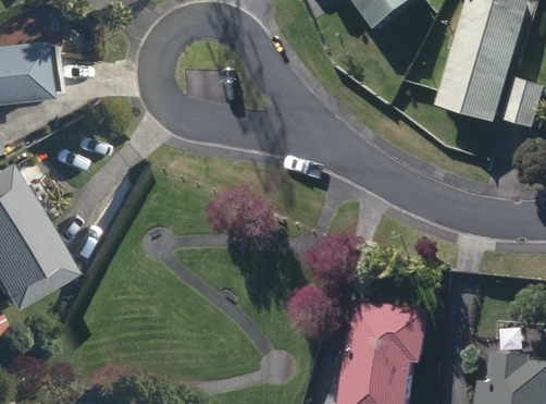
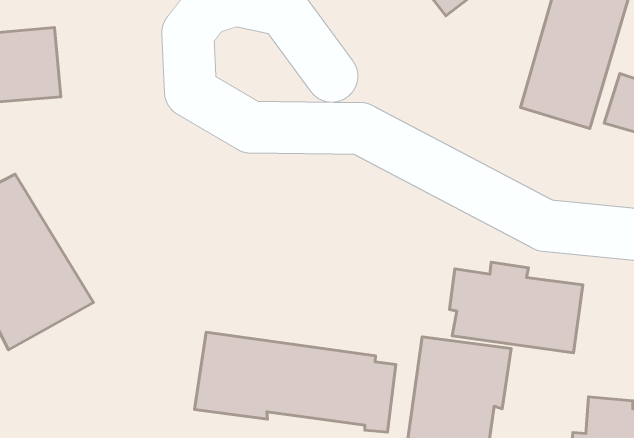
building: none -> [449,262,583,353]
building: none -> [195,332,396,432]

